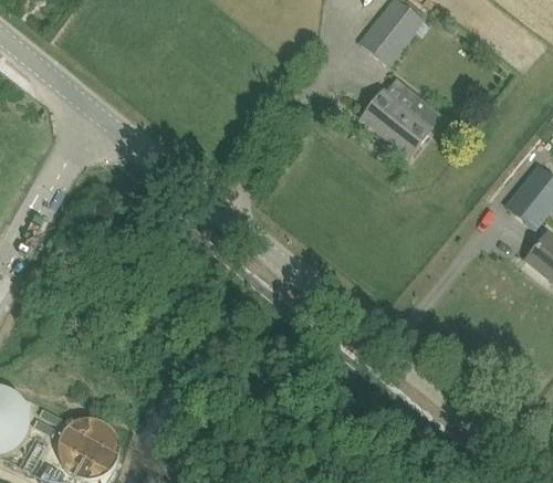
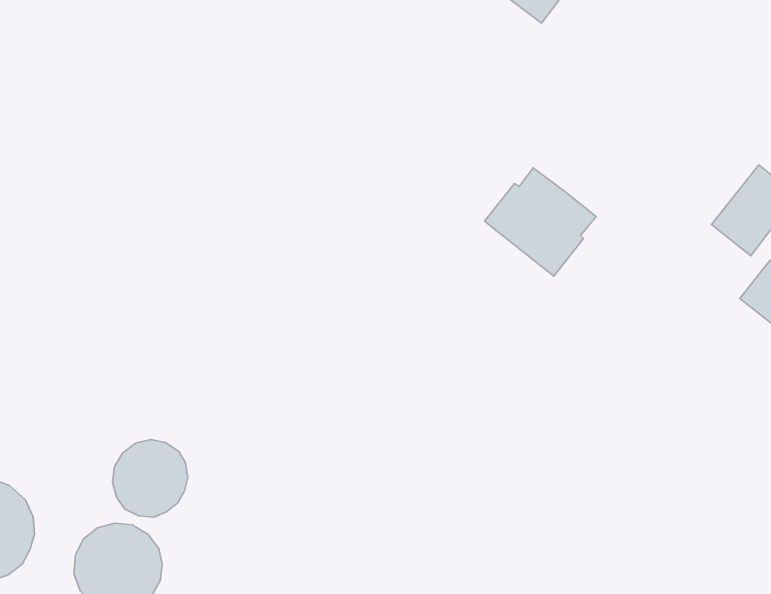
building: [361,80,439,156] -> [484,168,596,276]
building: none -> [112,439,188,517]

